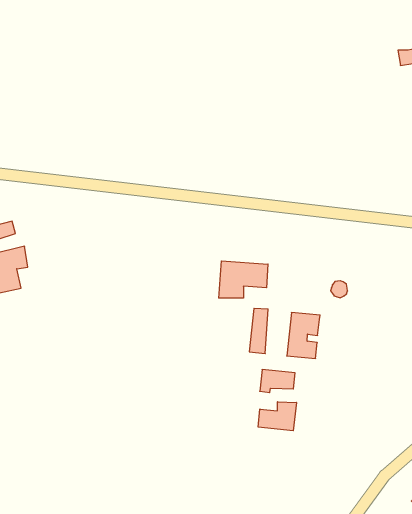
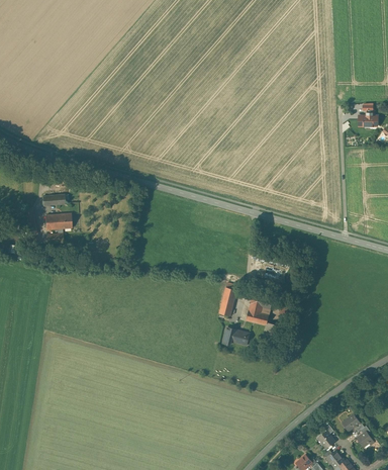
building: [219,261,268,298] -> none
building: [258,402,296,431] -> none

